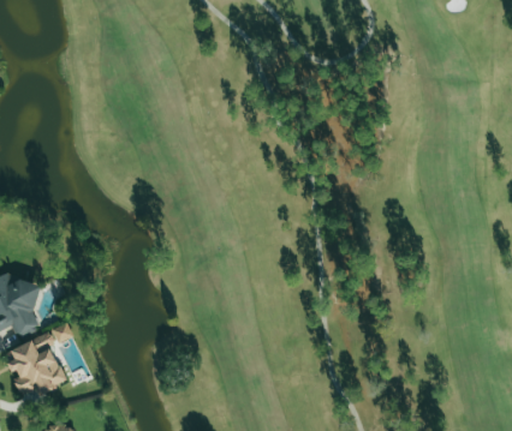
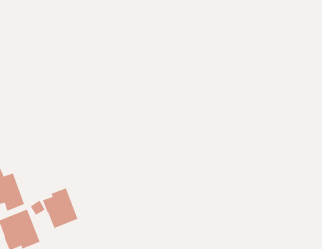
building: none -> [42,187,78,229]

